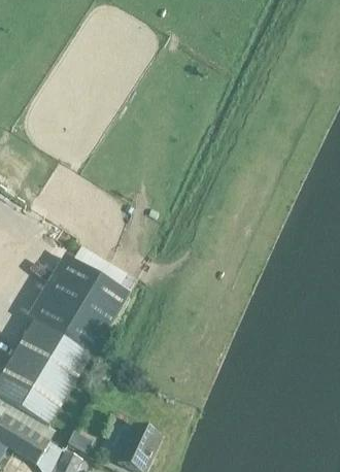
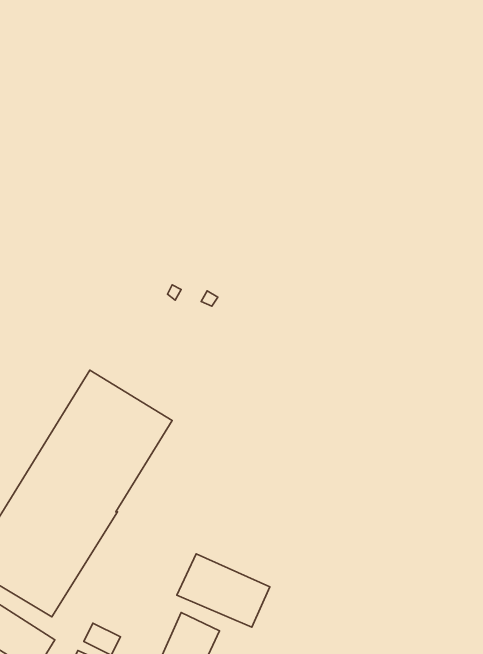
building: none -> [177,554,270,627]

